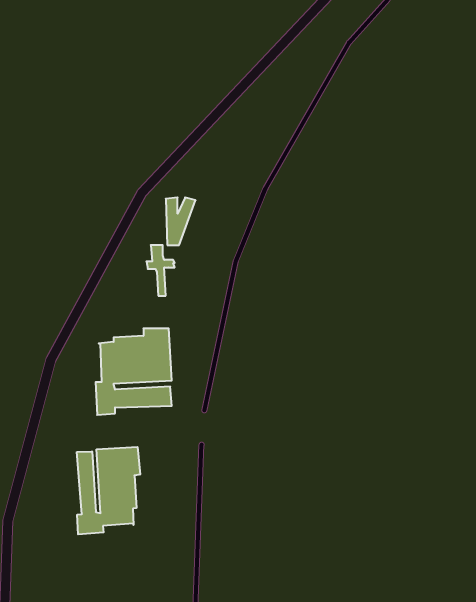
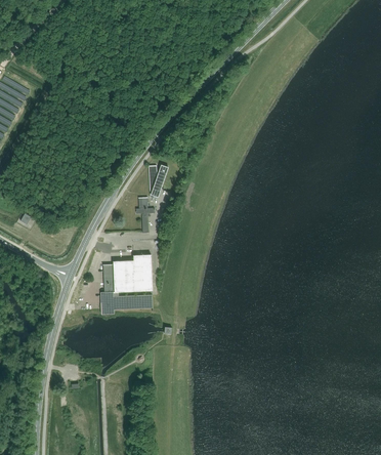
building: [77,447,140,534] -> none

